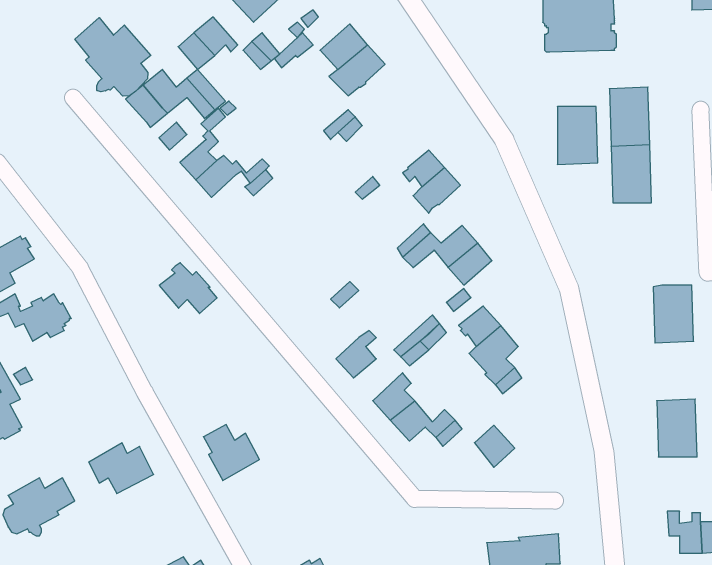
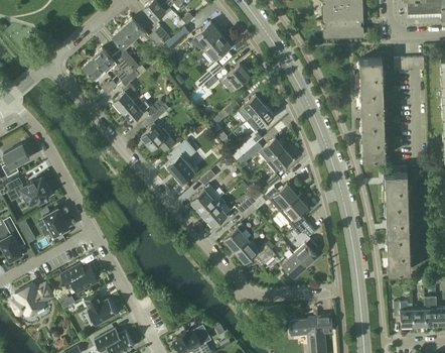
building: [75,18,151,96] -> none
building: none -> [225,65,251,92]
building: [557,107,598,164] -> [362,125,386,158]
building: none -> [167,140,196,183]
building: [159,263,217,314] -> [142,123,175,152]
building: none -> [191,185,222,215]
building: none -> [387,205,410,239]
building: none -> [43,208,69,236]
building: none -> [294,239,318,266]
building: [203,425,259,481] -> [85,293,117,326]

